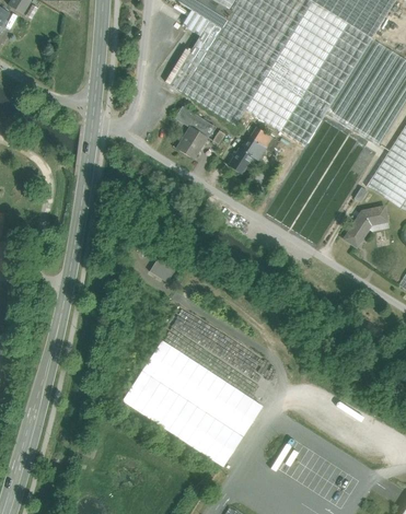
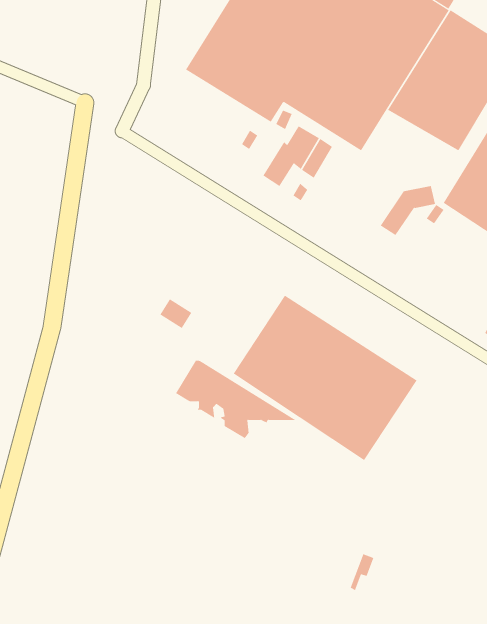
building: [176,106,213,157] -> none
building: [345,206,387,244] -> [380,186,436,236]
building: [123,339,264,466] -> [233,295,418,461]

